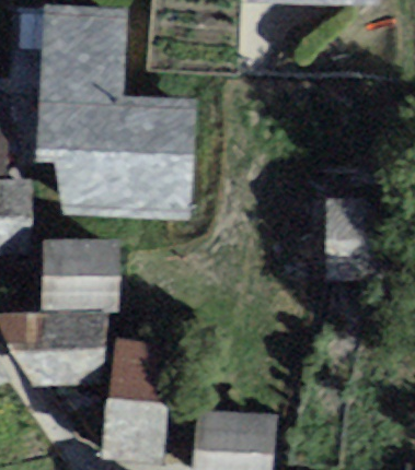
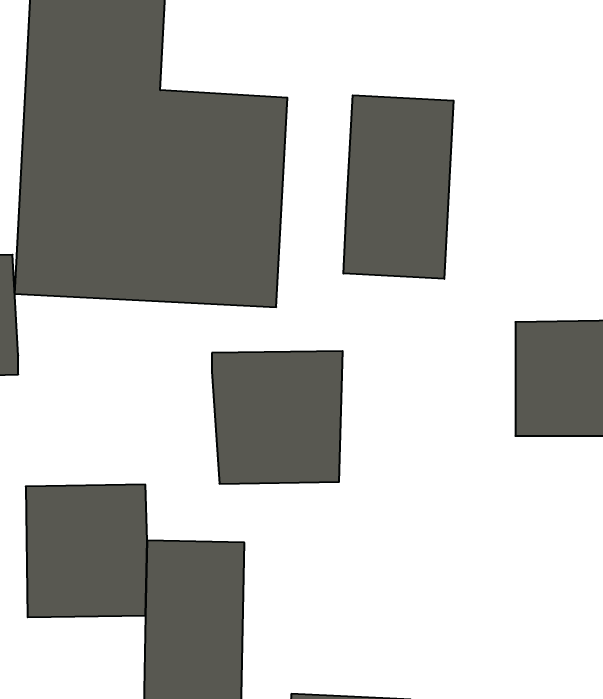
building: none -> [343,95,454,279]
building: [37,235,114,313] -> [212,351,343,484]

